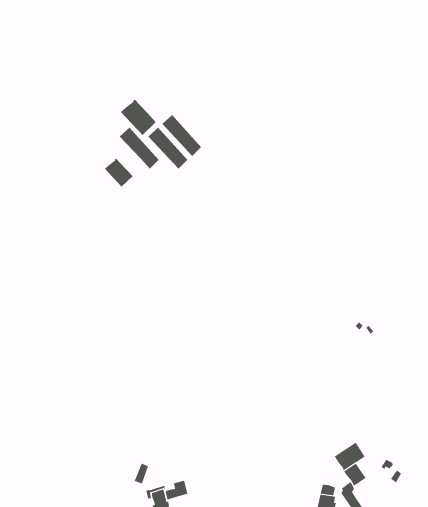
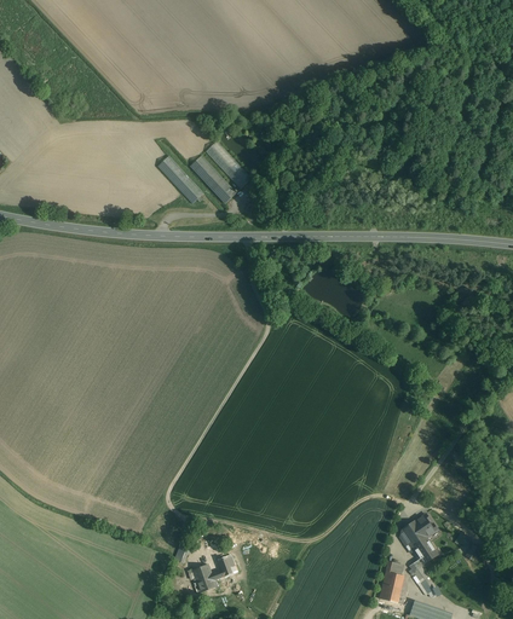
building: [120,98,157,136] -> none
building: [104,158,133,188] -> none

